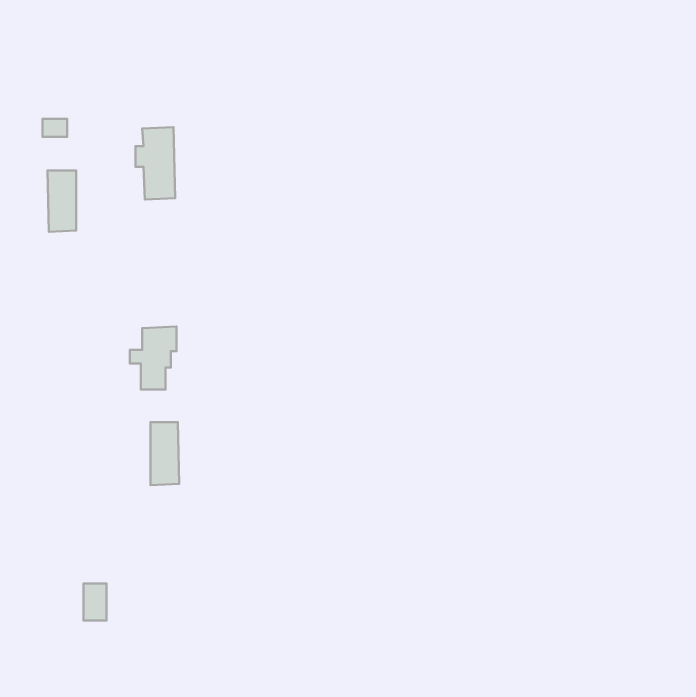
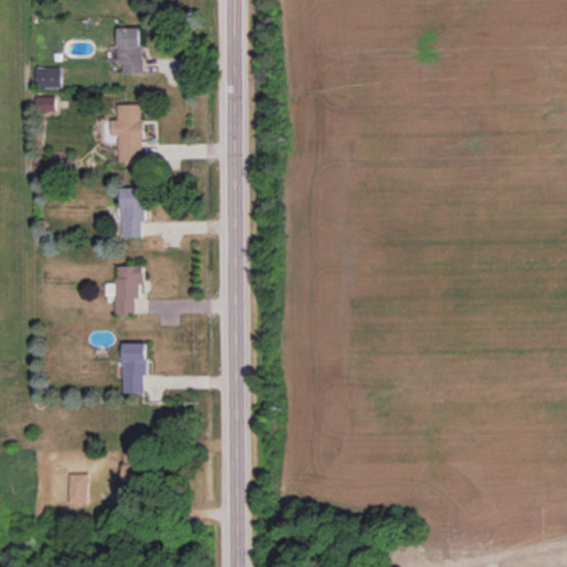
building: none -> [116,28,141,74]
building: none -> [34,68,60,89]
building: [48,170,76,232] -> [120,188,143,238]

